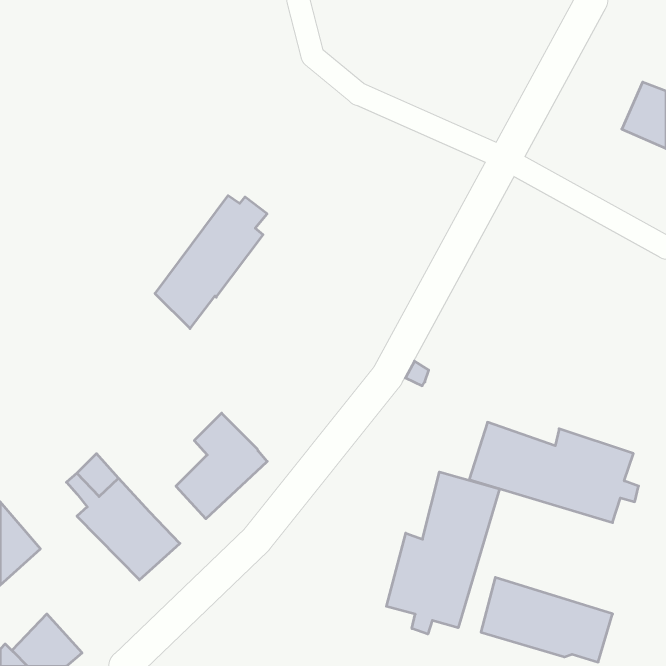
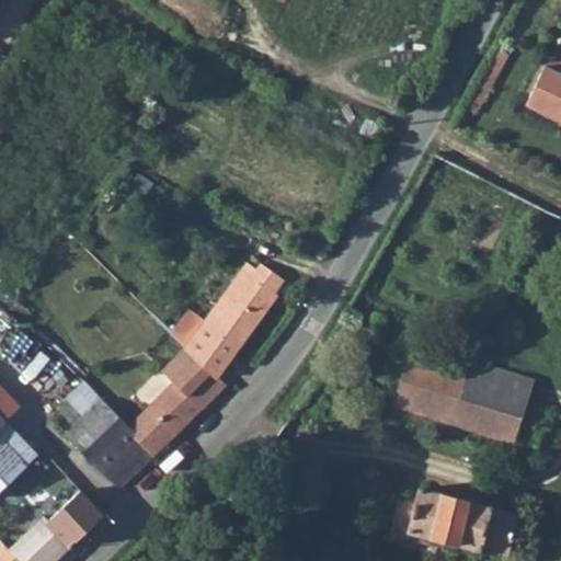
building: [155,196,267,329] -> [186,265,280,377]
building: [386,472,499,634] -> none
building: none -> [126,409,173,457]
building: none -> [39,492,103,549]

